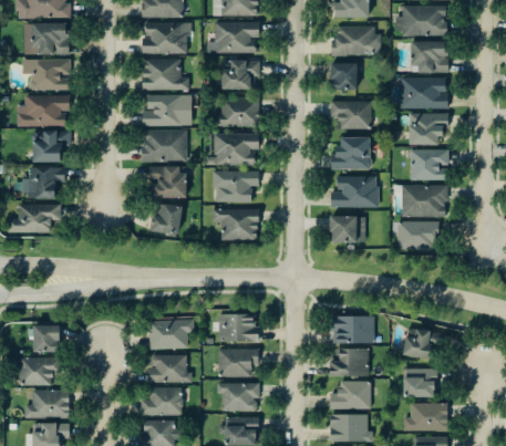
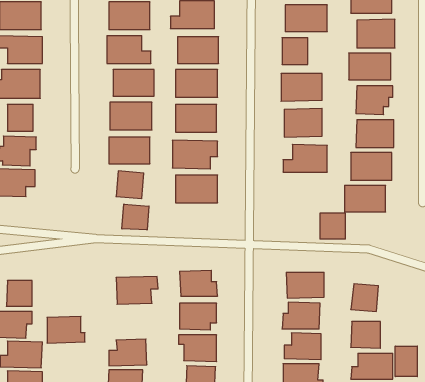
building: [330,218,358,246] -> [320,213,345,239]
building: none -> [122,204,149,230]
building: [151,354,192,383] -> [47,316,85,343]
building: none -> [395,346,417,377]

